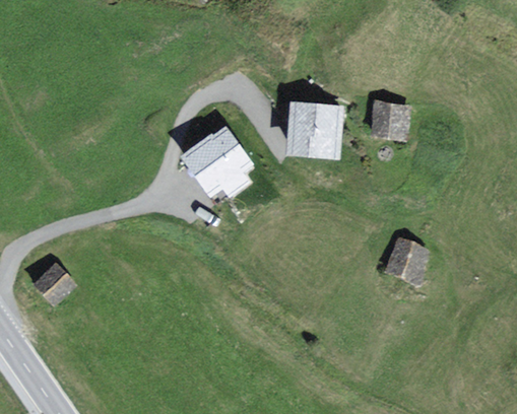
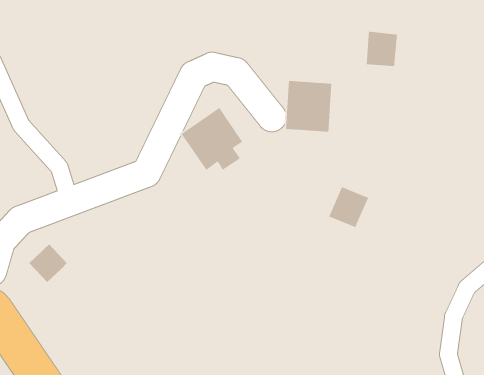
building: [374,101,405,137] -> [366,31,398,67]
building: [387,237,428,279] -> [328,186,369,228]

